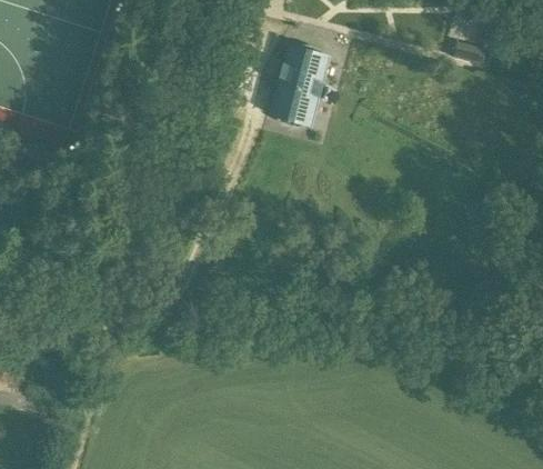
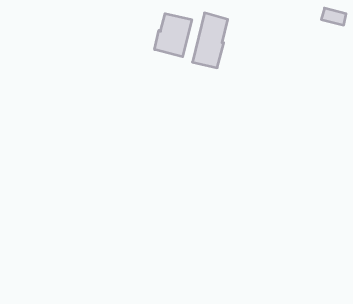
building: none -> [155,14,192,57]

